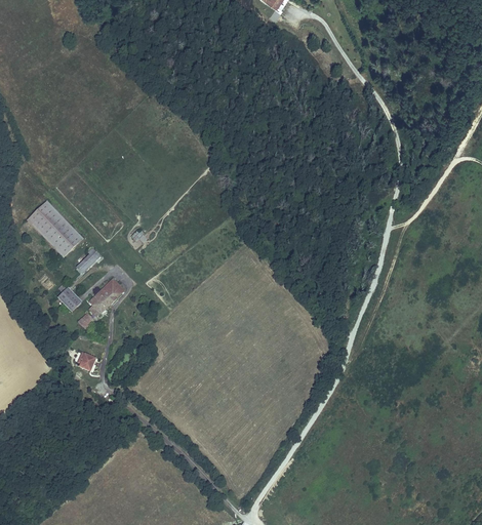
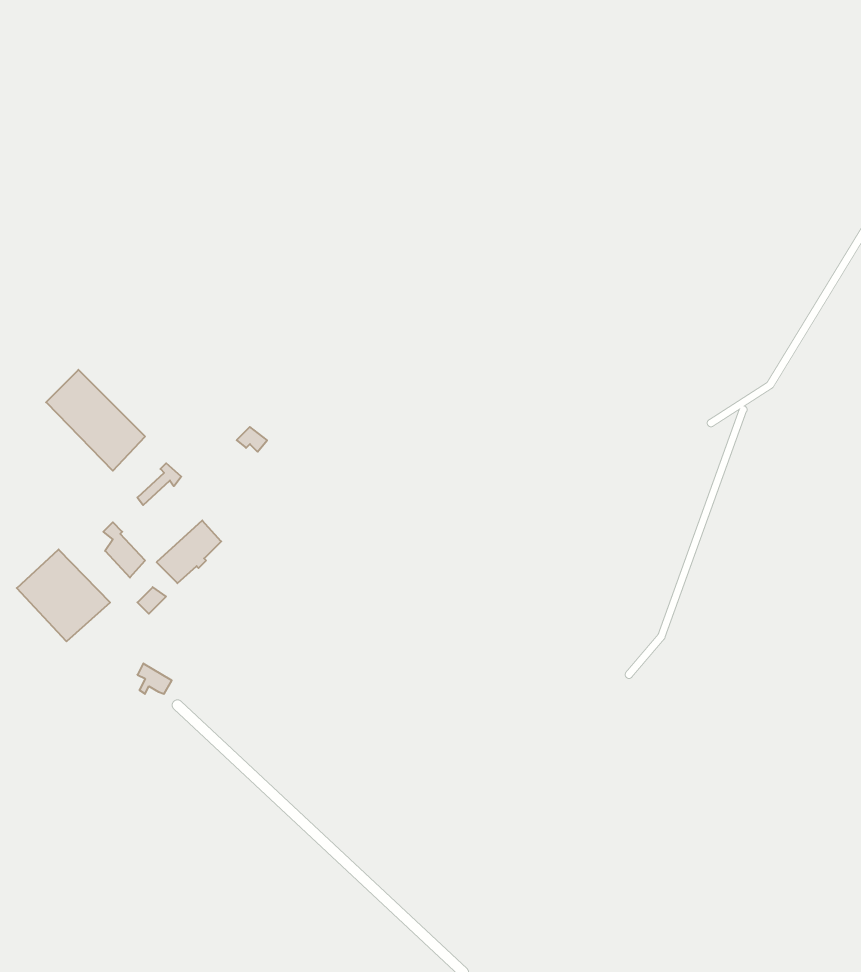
building: none -> [17,549,110,641]

